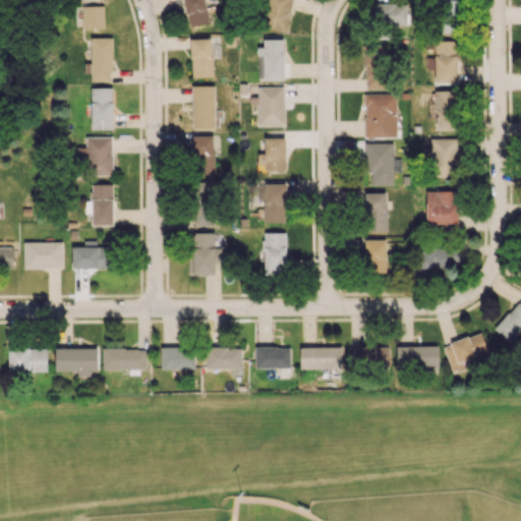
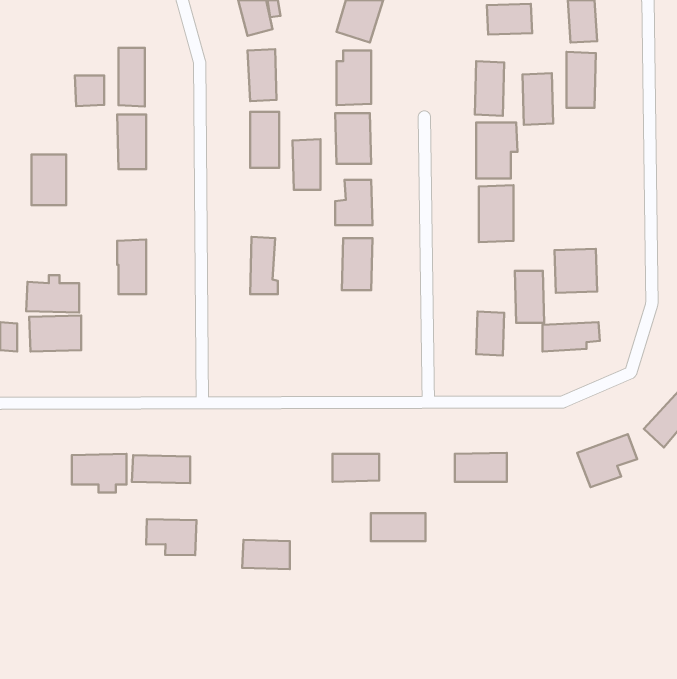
building: [82,6,105,30] -> [75,76,104,106]
building: [436,91,459,130] -> [523,73,553,125]
building: [194,135,216,174] -> [293,139,320,190]
building: [86,137,113,176] -> [32,154,66,205]
building: [427,138,459,176] -> none
building: [366,192,389,232] -> [515,271,544,323]
building: [265,233,288,275] -> none
building: [189,234,216,276] -> none
building: [72,241,113,270] -> [26,275,79,313]
building: [398,346,440,370] -> none
building: [162,347,196,369] -> none
building: [207,347,243,369] -> [242,540,290,569]
building: [301,348,343,369] -> [371,513,425,541]
building: [10,349,49,371] -> none
building: none -> [146,519,197,555]

